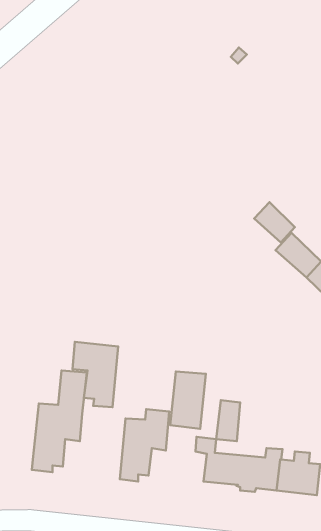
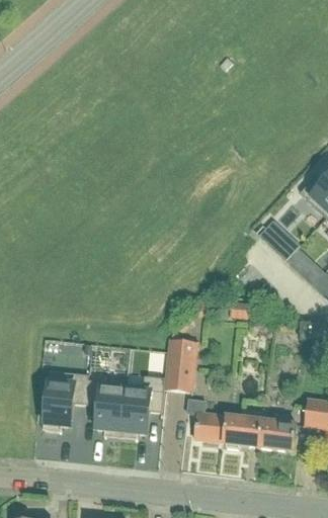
building: [254,202,295,242] -> none
building: [73,342,118,407] -> [85,378,126,436]
building: [216,400,240,441] -> none

